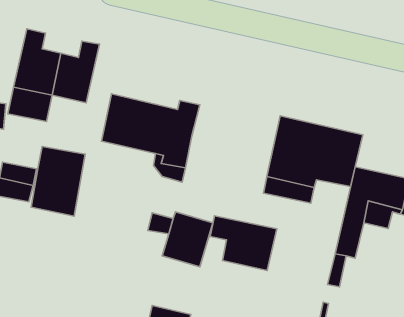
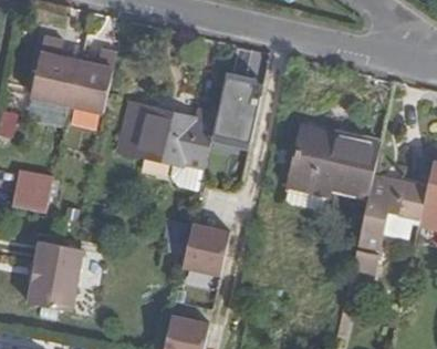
building: none -> [212,76,261,144]
building: [31,147,85,216] -> [30,240,84,310]
building: [210,216,277,271] -> none

